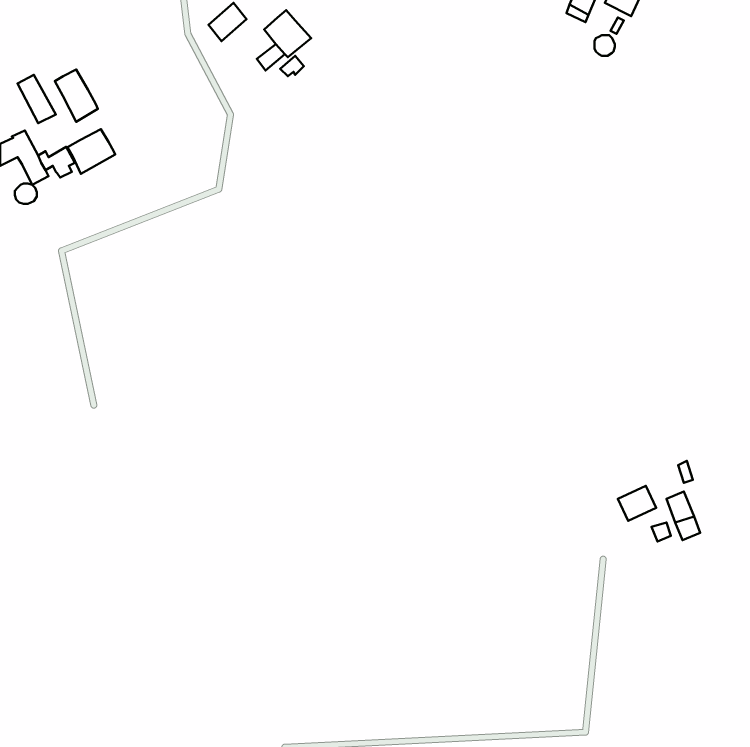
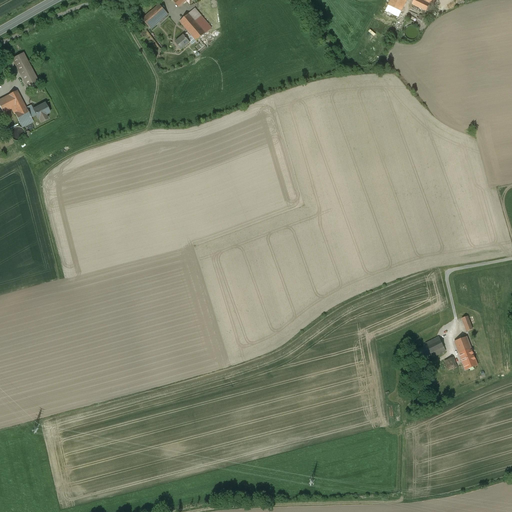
building: [55,70,98,122] -> none
building: [68,129,115,174] -> none

